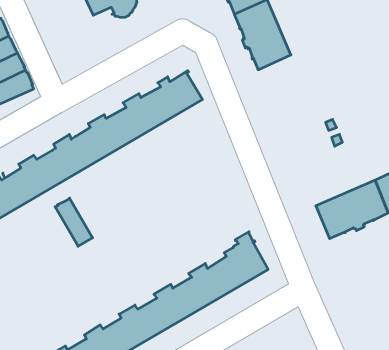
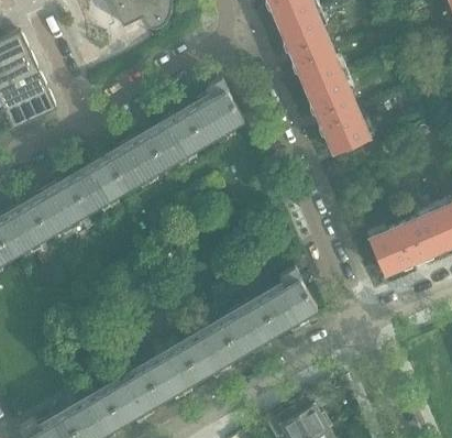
building: none -> [305,70,368,152]
building: [55,198,93,246] -> none

